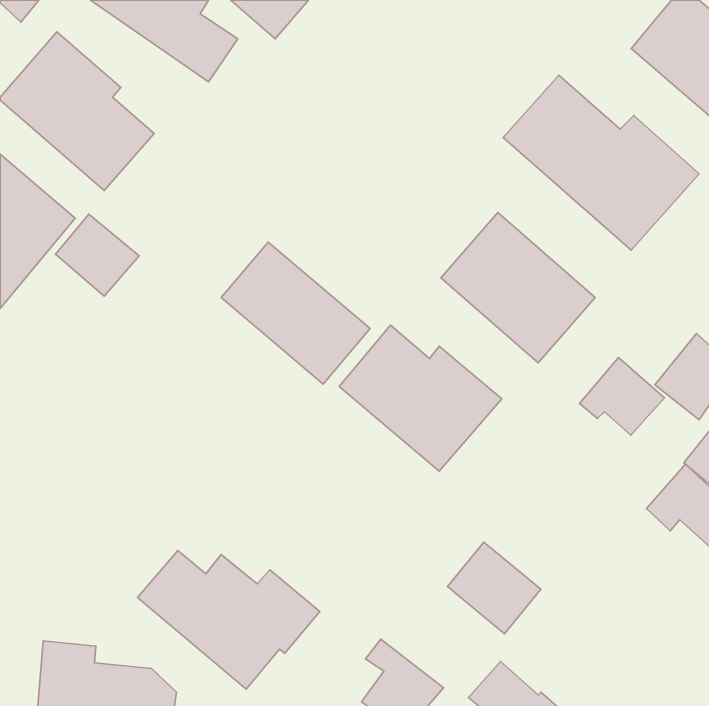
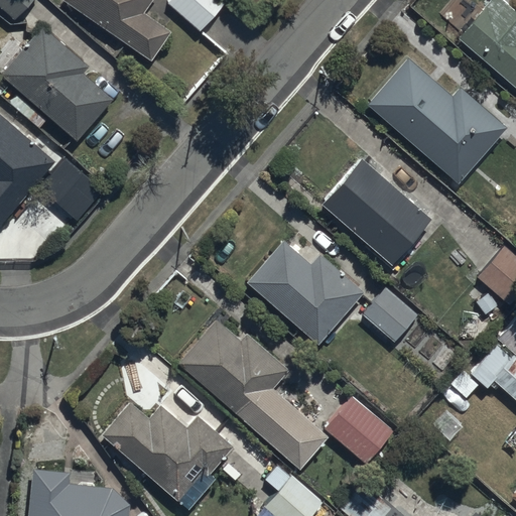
building: [221,242,370,384] -> none
building: [580,358,664,435] -> [357,286,418,343]
building: none -> [177,319,329,470]

